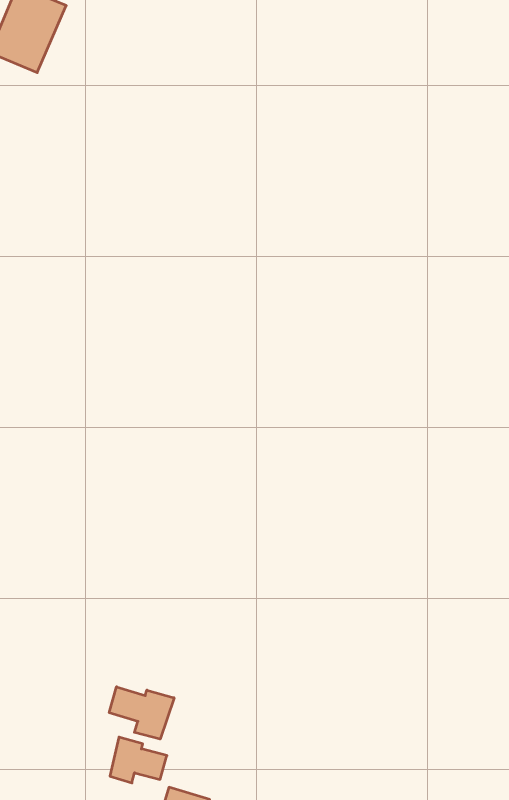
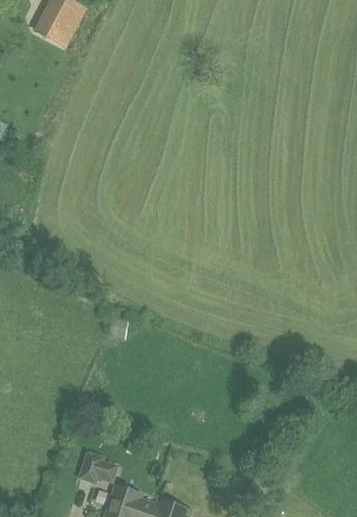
building: [109,687,174,739] -> none

